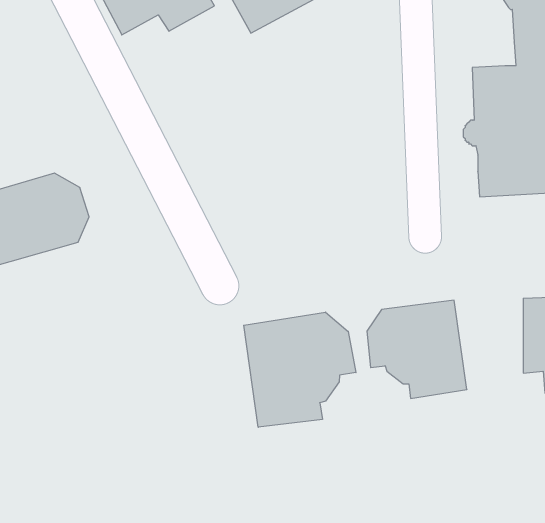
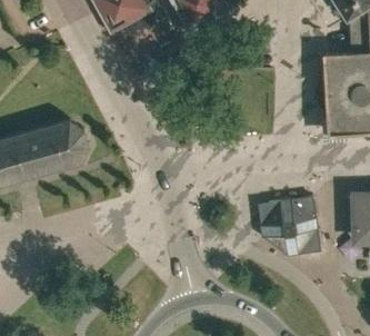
building: [244,312,356,427] -> none

